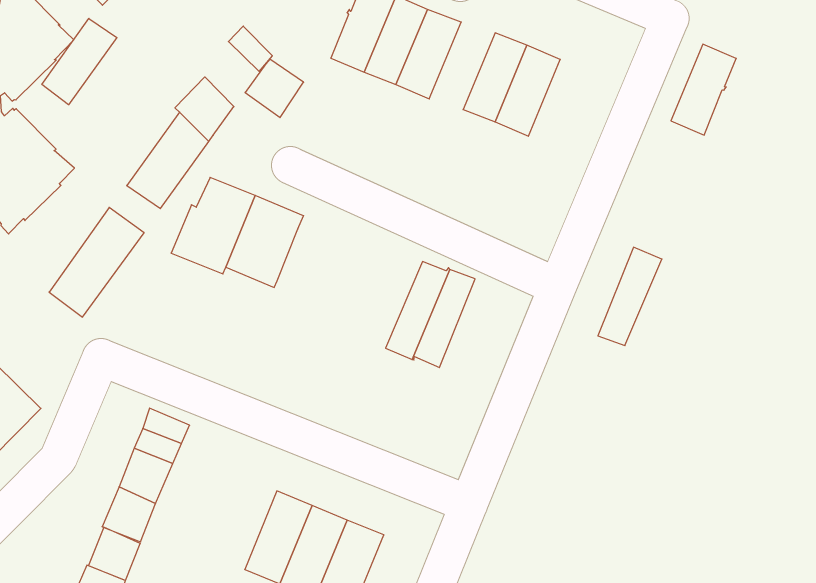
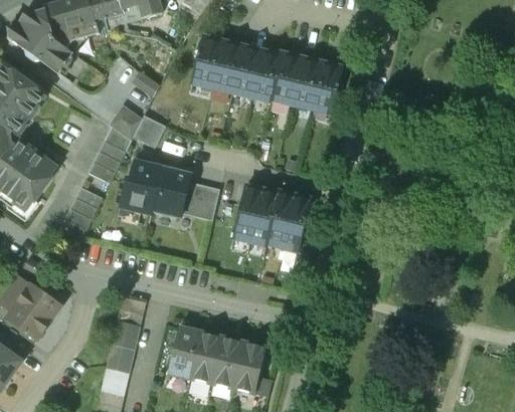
building: [42,18,117,105] -> none
building: none -> [251,50,283,99]
building: [671,44,736,135] -> [311,62,342,114]
building: [245,59,304,118] -> [133,116,165,148]
building: none -> [182,182,219,220]
building: [598,247,662,346] -> [282,194,311,250]
building: none -> [233,185,263,241]
building: none -> [168,327,201,379]

